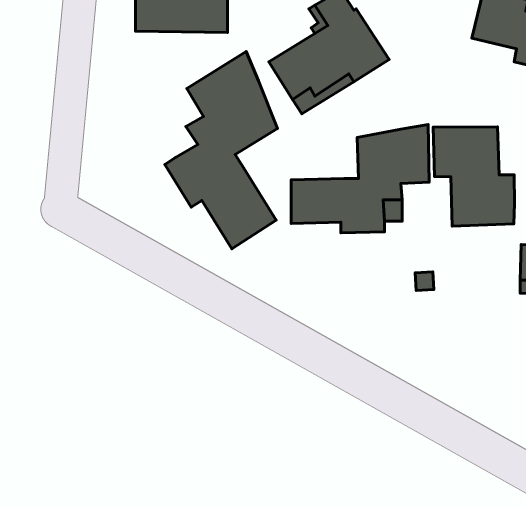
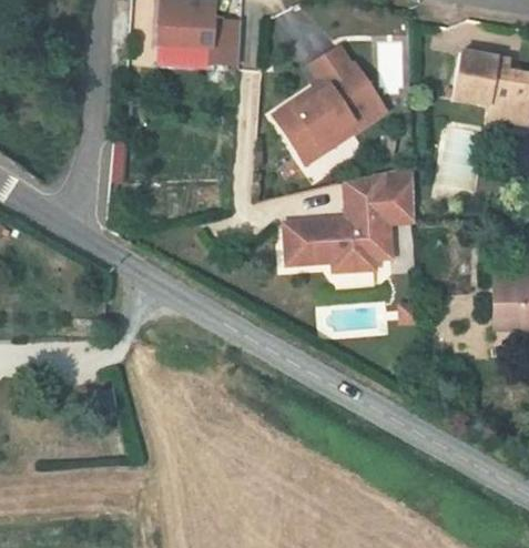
building: [165,52,278,249] -> none
building: [433,127,514,226] -> none

